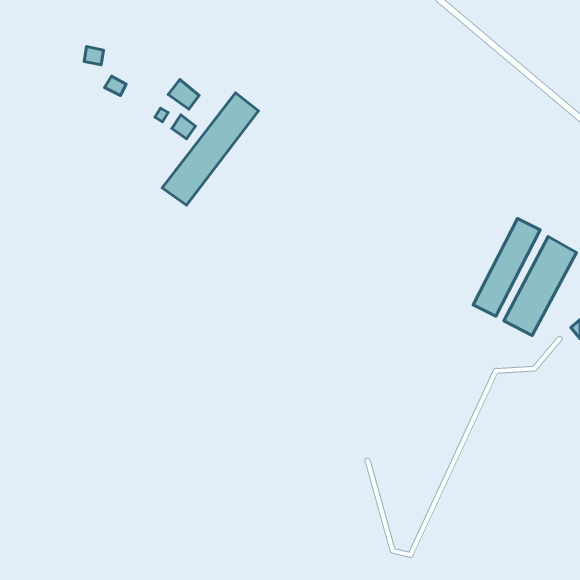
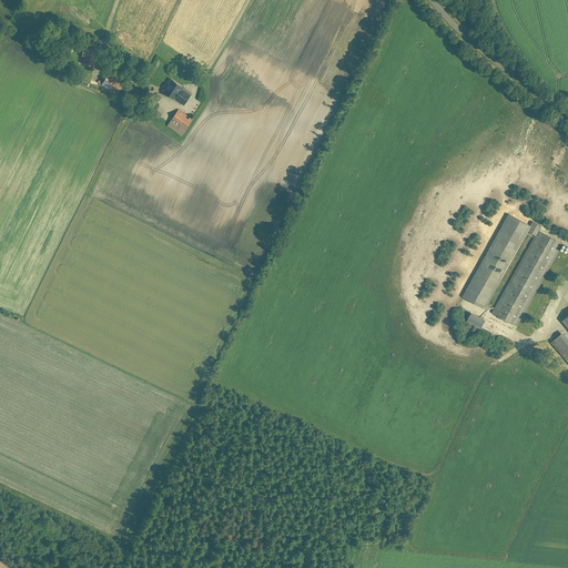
building: [162,93,259,205] -> none

